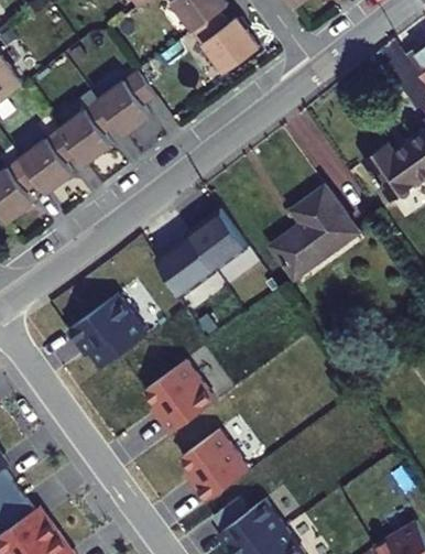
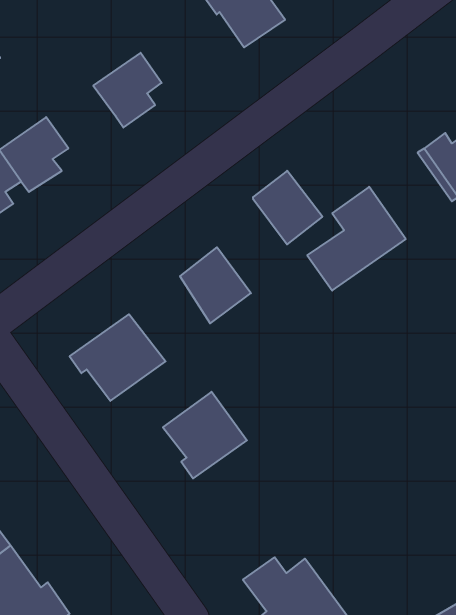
building: [52,105,110,167] -> none
building: [195,217,253,279] -> [253,171,322,244]
building: [186,431,253,502] -> none

